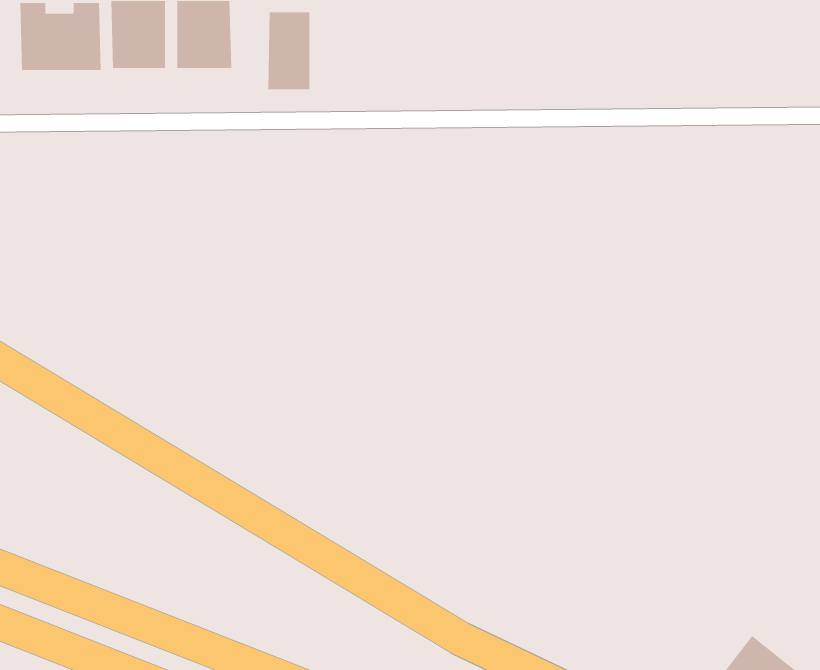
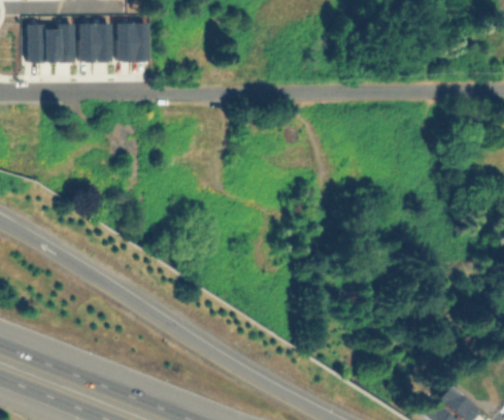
building: [268,11,310,90] -> none

